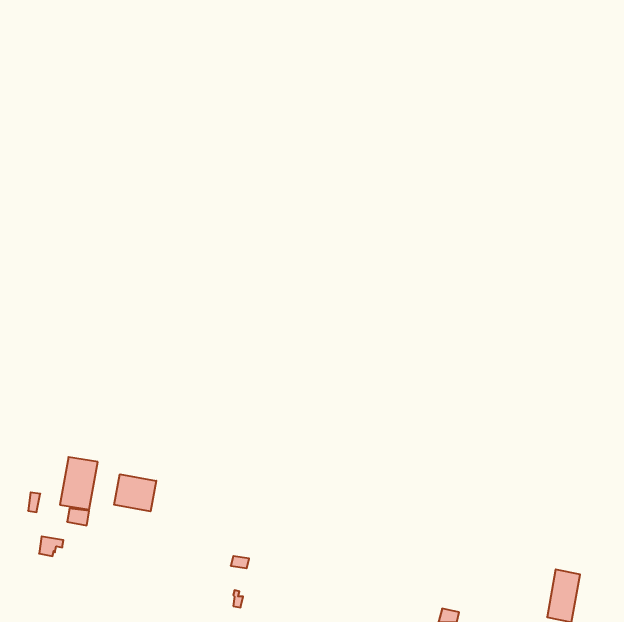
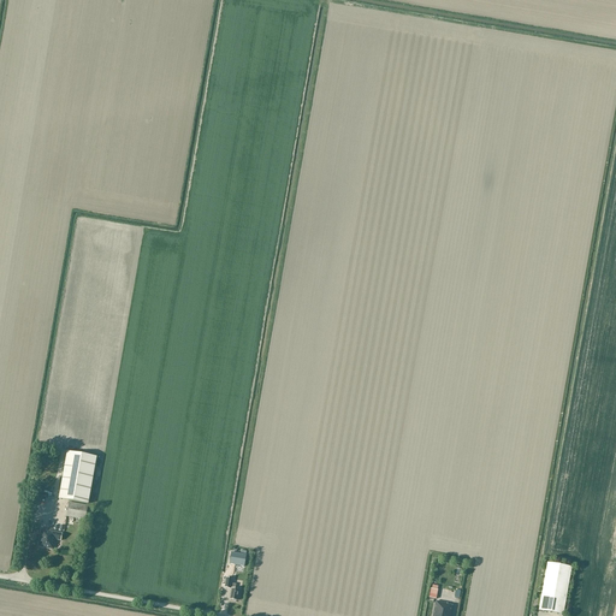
building: [114,474,156,511] -> none

